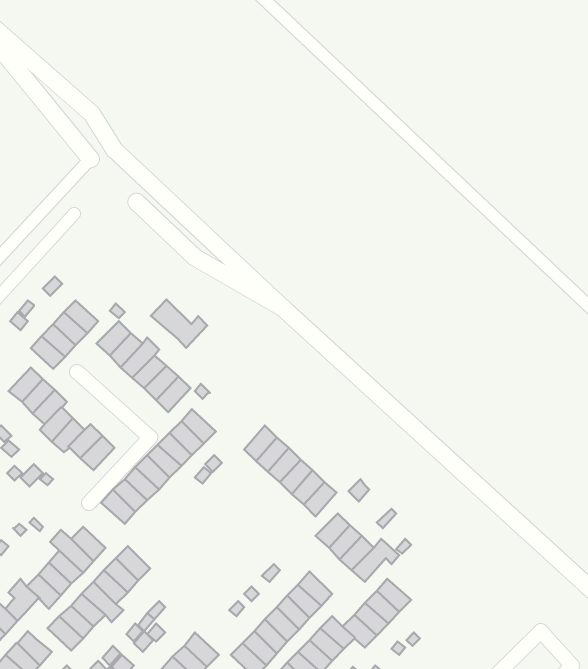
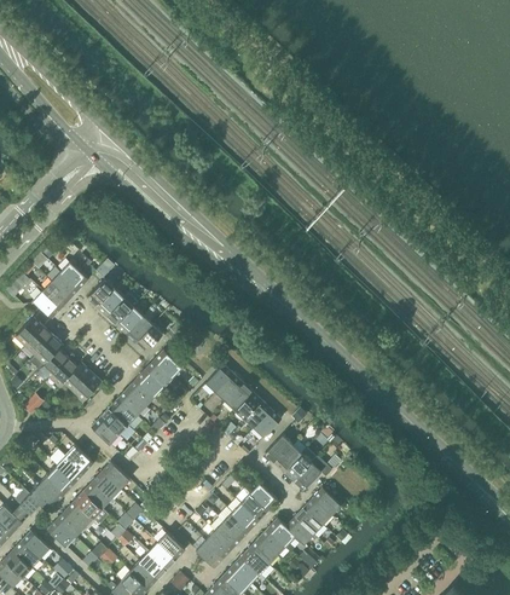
building: [151,300,207,348] -> none

